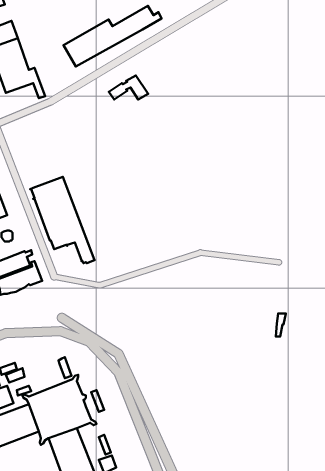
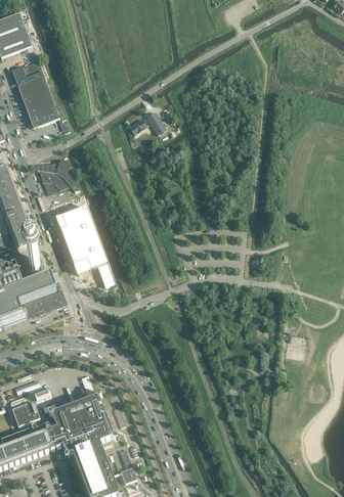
building: [63,6,162,66] -> none
building: none -> [34,160,80,193]

